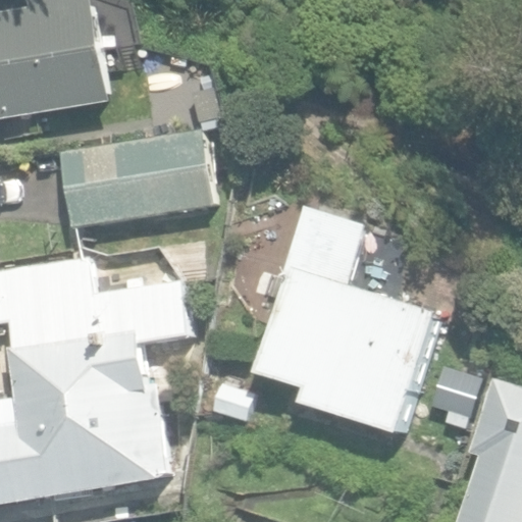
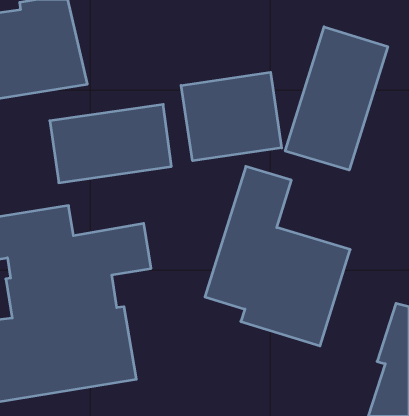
building: none -> [285,27,388,170]
building: none -> [181,72,282,161]

